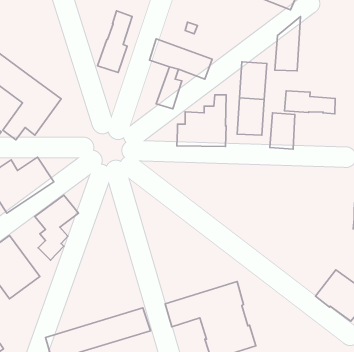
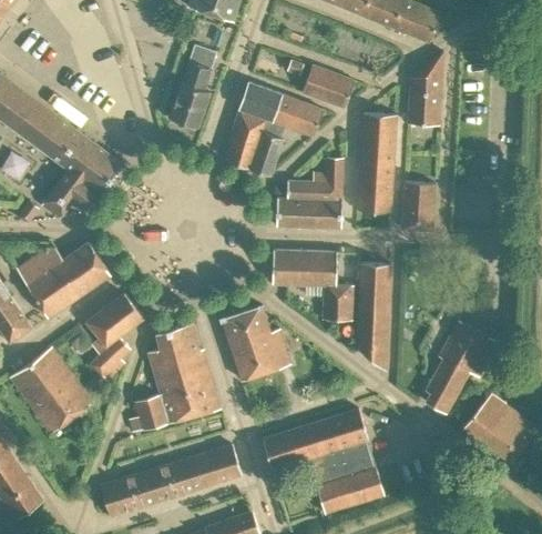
building: none -> [301,66,355,108]
building: none -> [224,111,266,170]
building: [284,91,335,114] -> none
building: none -> [273,251,352,321]
building: none -> [355,264,389,372]
building: none -> [221,305,290,381]
building: none -> [426,321,498,414]
building: none -> [135,323,219,431]

